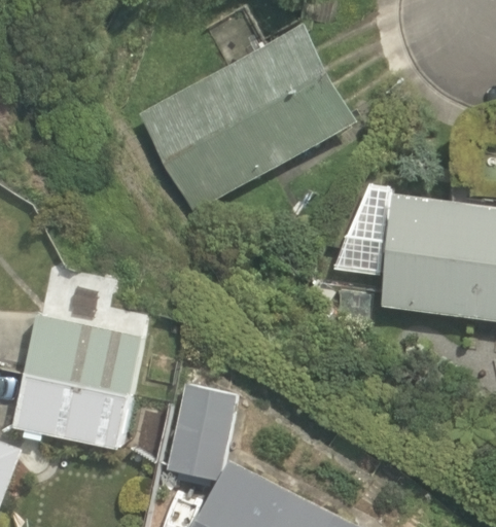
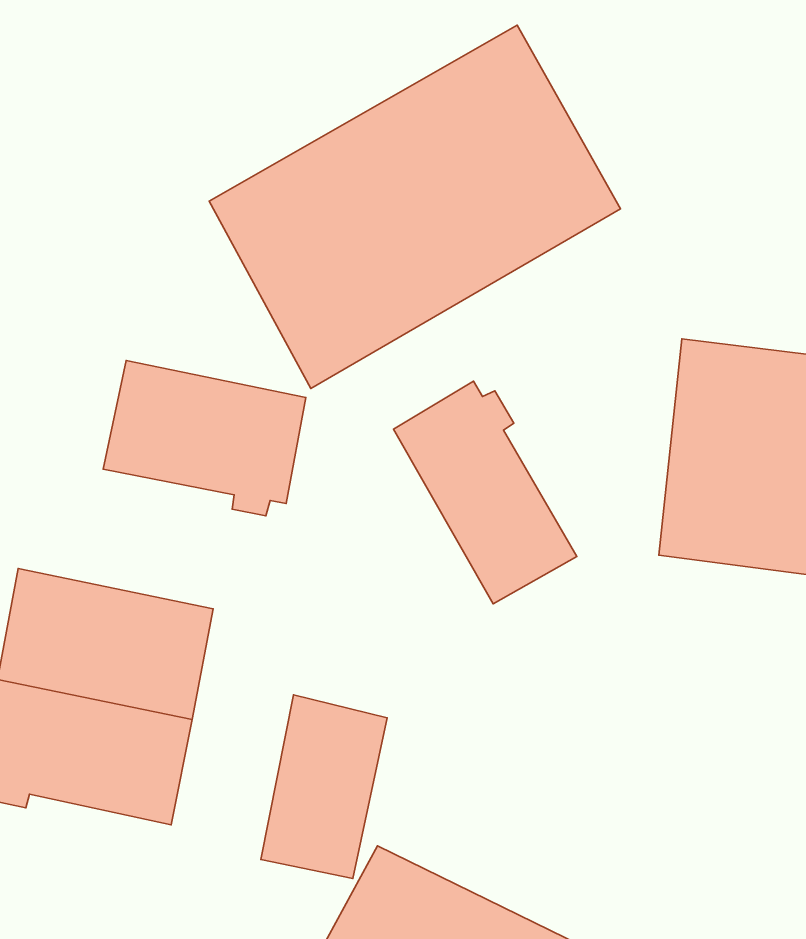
building: none -> [103,360,306,516]
building: none -> [394,381,577,604]

